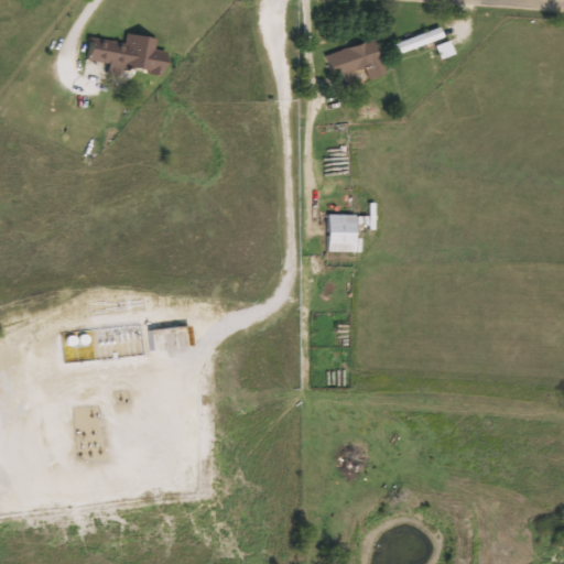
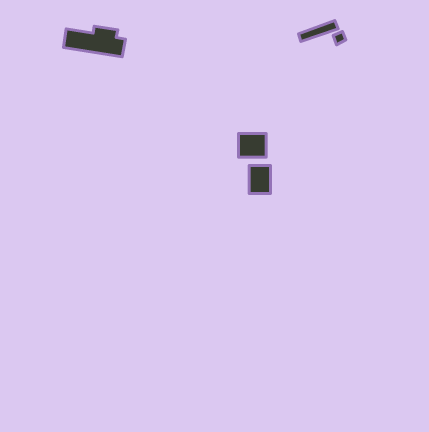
building: [327,39,387,79] -> none
building: none -> [239,134,266,157]

